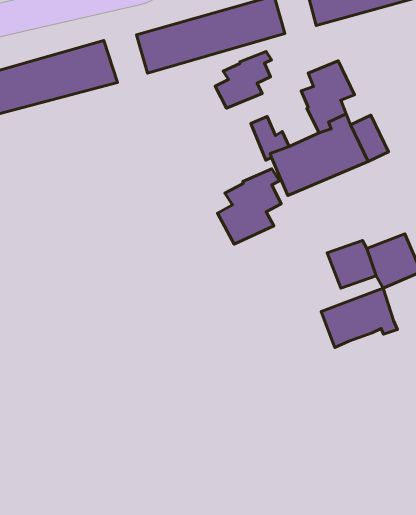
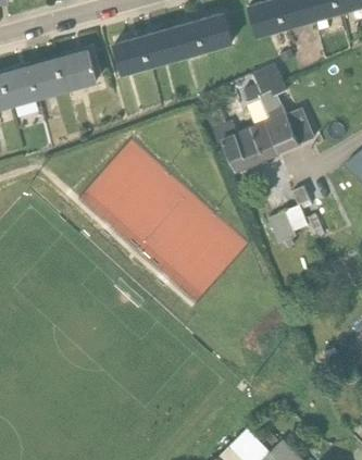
building: [215,51,271,108] -> none
building: [217,169,281,244] -> none
building: [321,288,397,347] -> none

